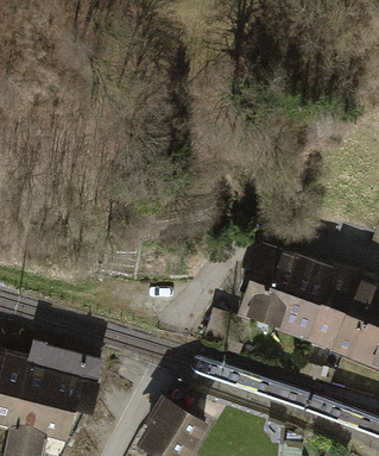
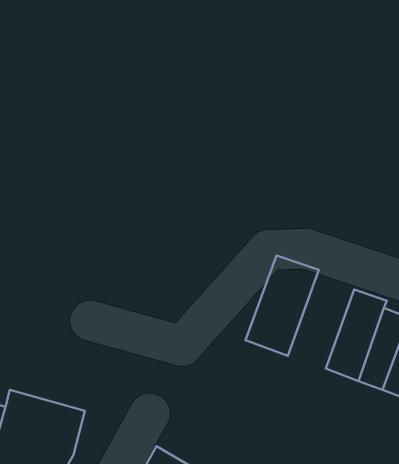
building: [273,251,331,335] -> none

